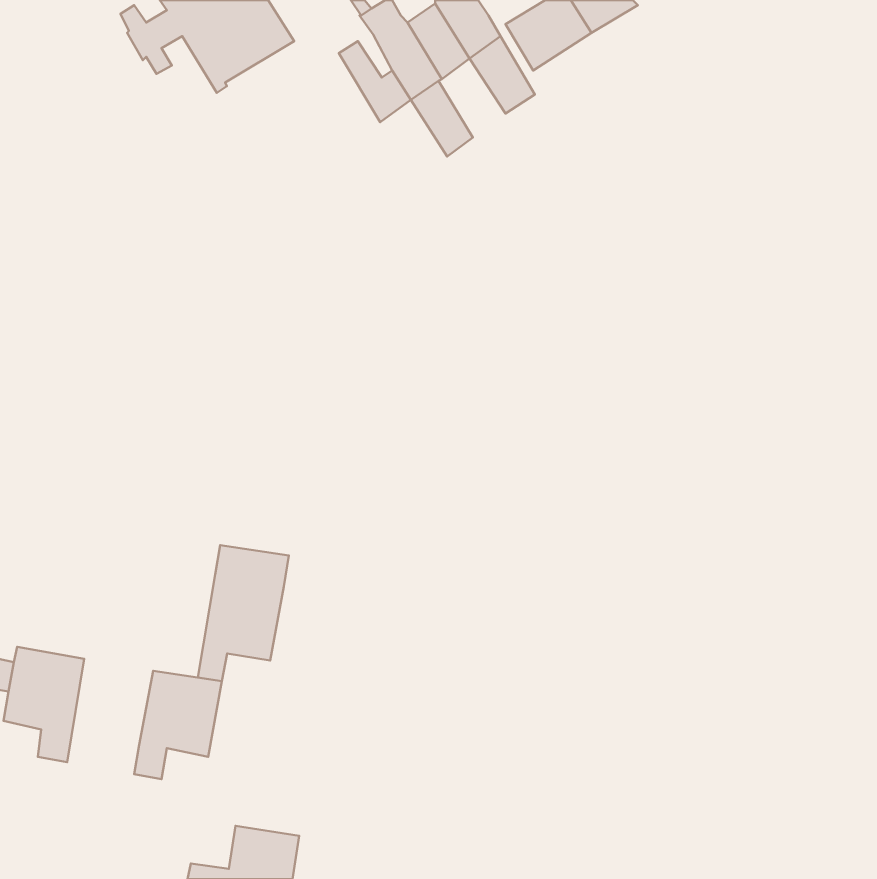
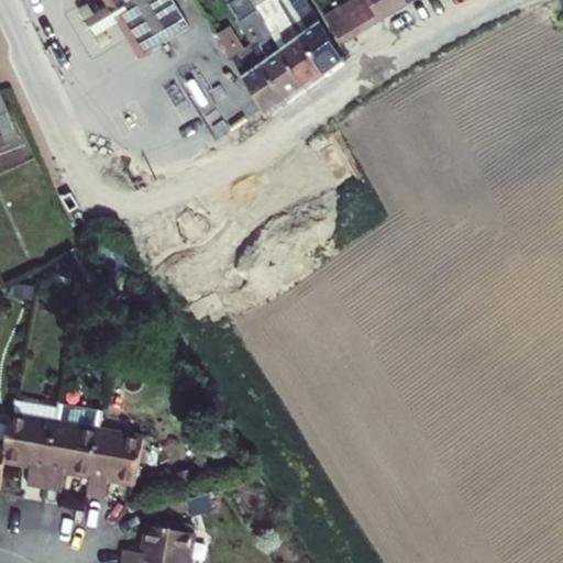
building: none -> [280,37,323,88]
building: none -> [243,64,286,115]
building: [198,545,289,681] -> [43,402,101,489]

